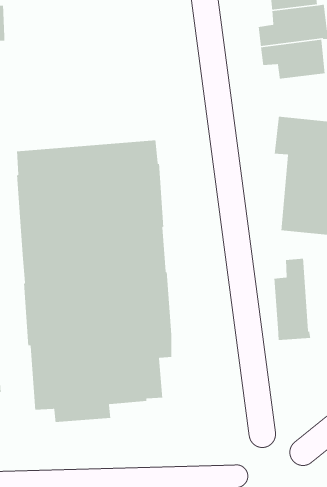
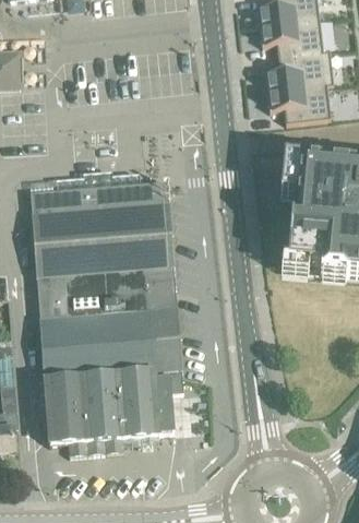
building: [274,258,311,341] -> none

